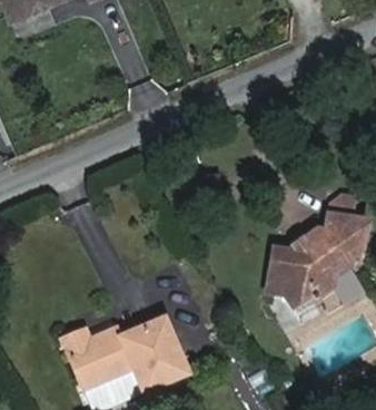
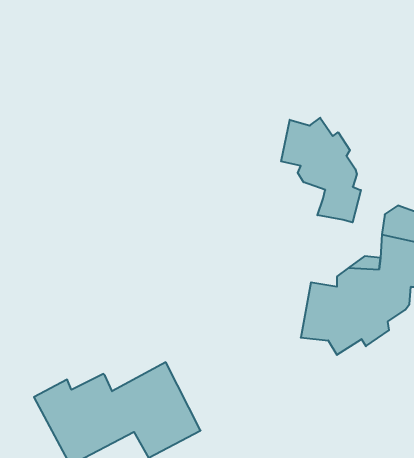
building: none -> [281,118,361,222]

